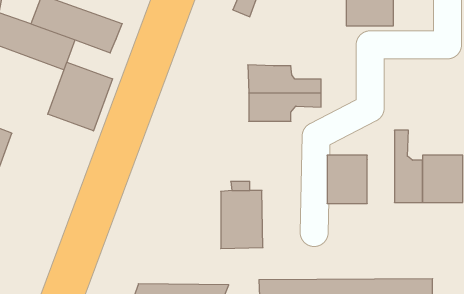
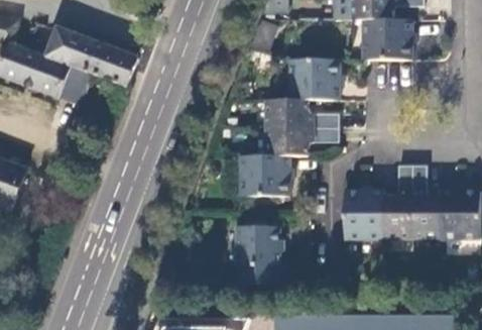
building: none -> [290,60,338,100]
building: [48,62,113,131] -> none
building: none -> [240,155,287,196]
building: none -> [384,164,411,238]

